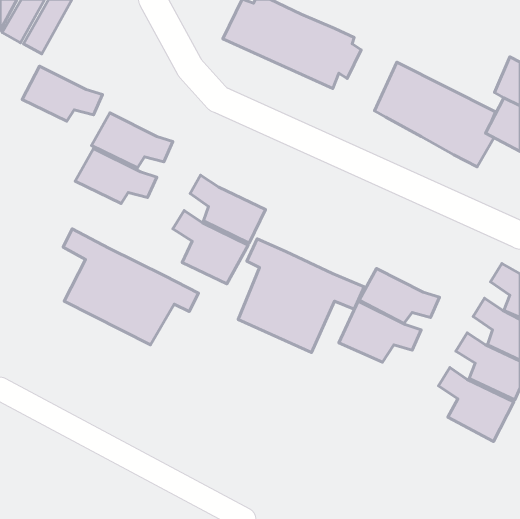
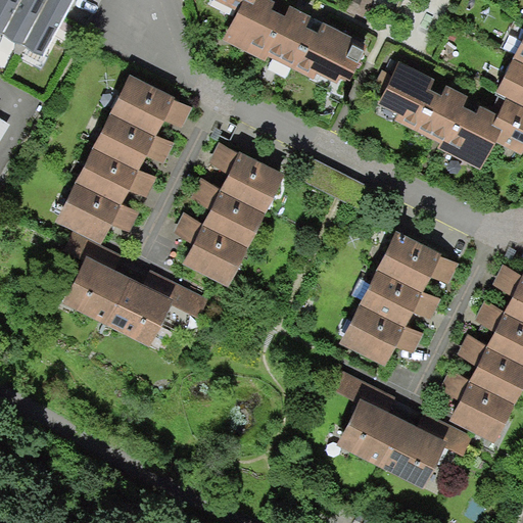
building: [22,66,103,121] -> [111,77,192,132]
building: none -> [210,141,286,208]
building: none -> [55,183,139,242]
building: none -> [379,233,461,289]
building: [238,239,364,353] -> none
building: none -> [337,371,472,486]

